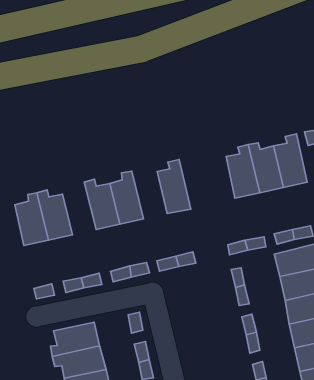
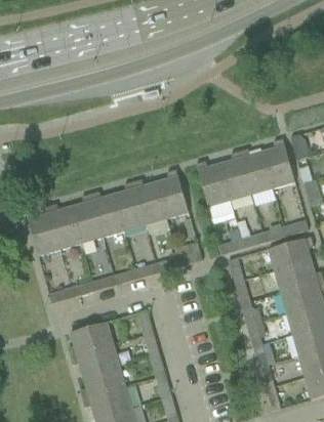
building: none -> [196,161,230,208]
building: none -> [133,178,168,224]
building: none -> [71,194,104,243]

